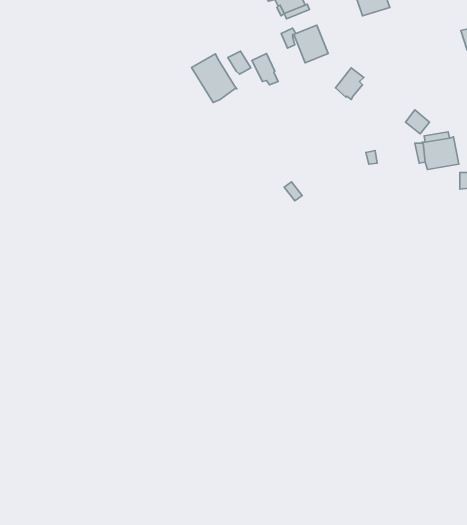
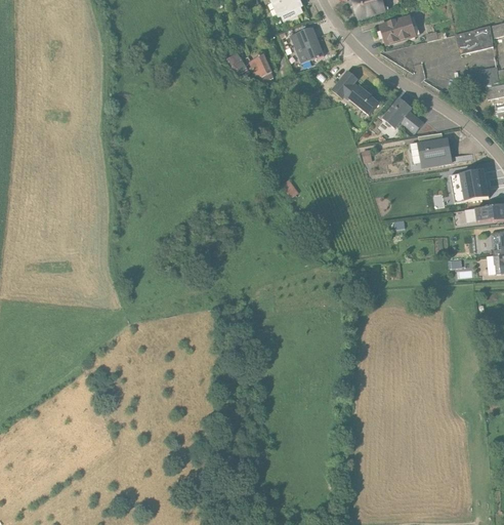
building: none -> [379,13,418,45]
building: [192,54,237,103] -> none
building: none -> [349,84,380,116]
building: none -> [383,97,414,129]

